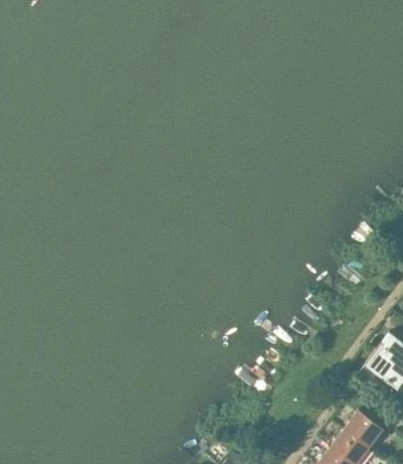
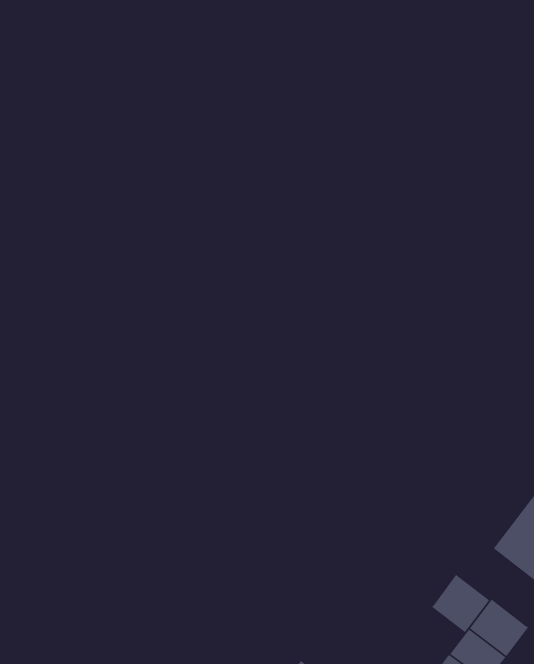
building: none -> [431,574,490,633]

